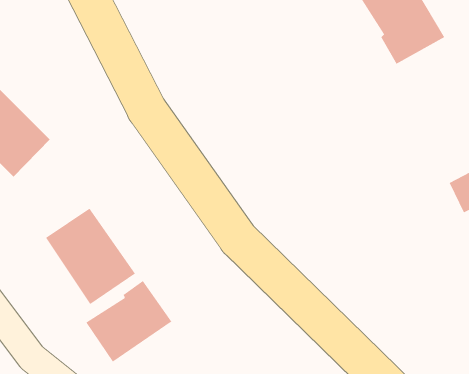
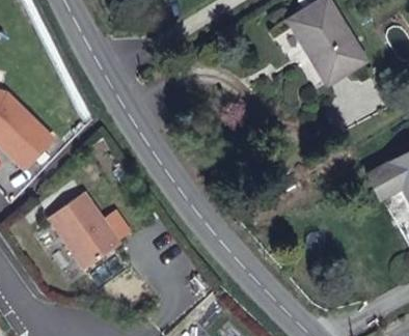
building: [85,280,172,363] -> none

